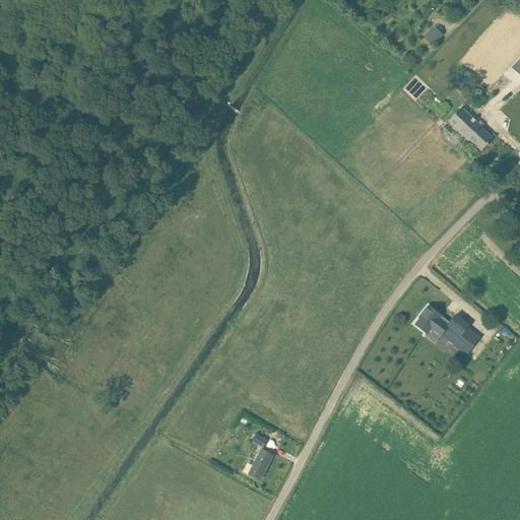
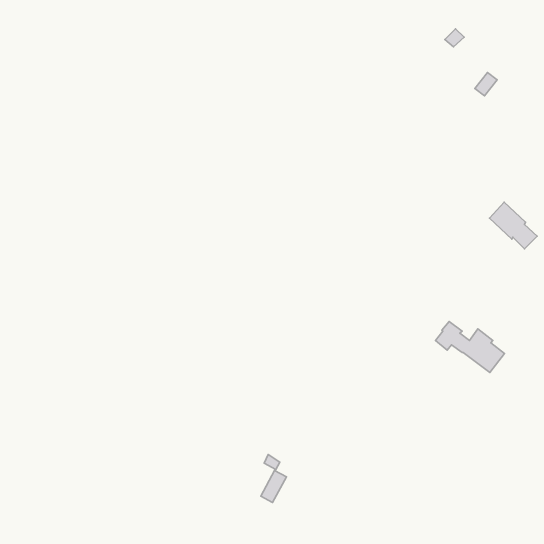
building: [448,107,494,151] -> [489,202,537,249]

